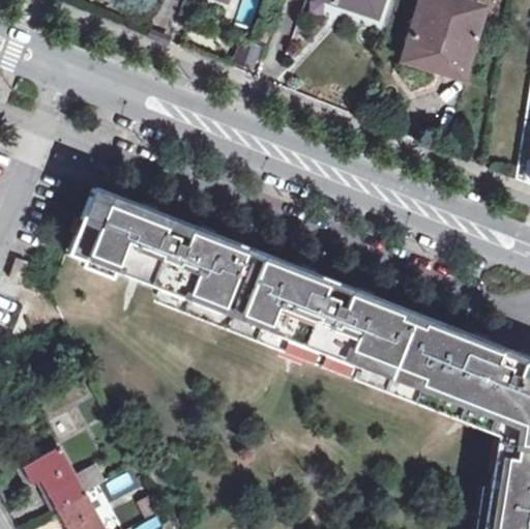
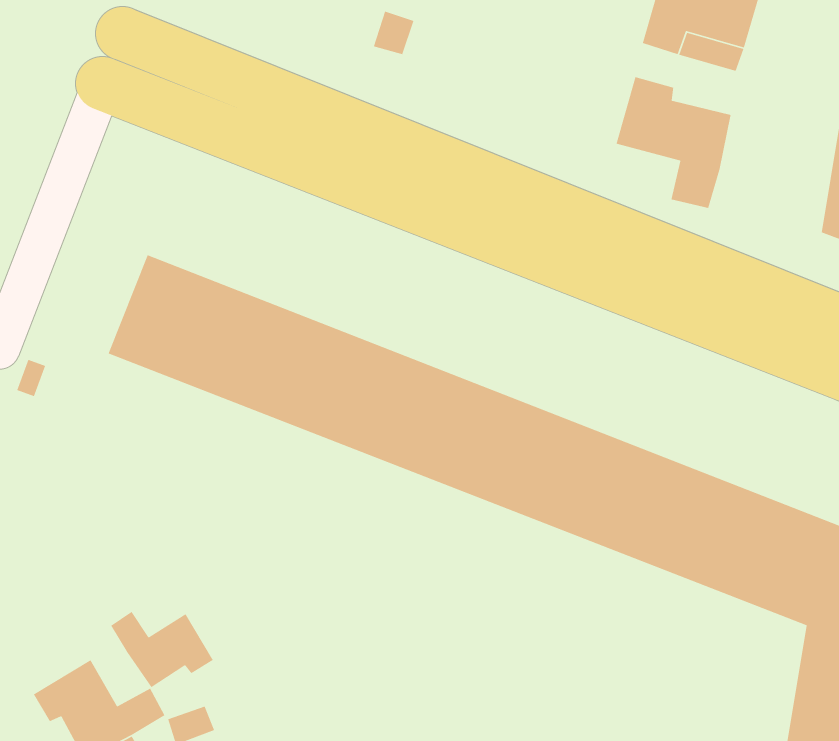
building: none -> [615,76,732,209]
building: none -> [110,611,214,688]

